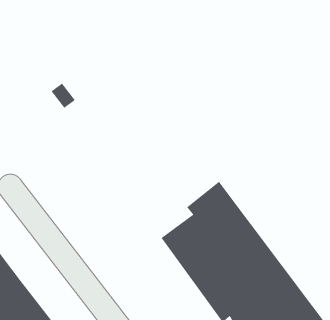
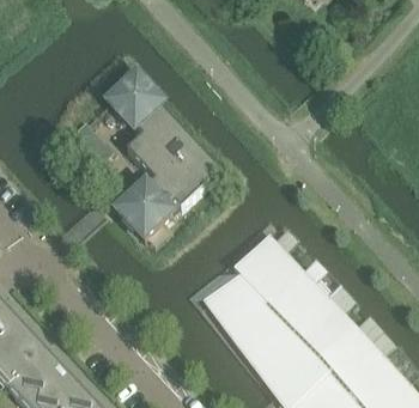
building: none -> [109,73,221,237]

